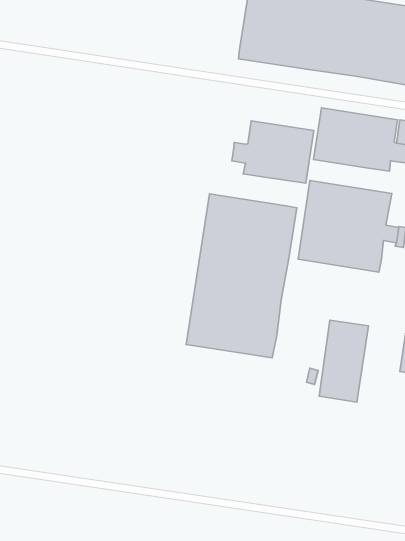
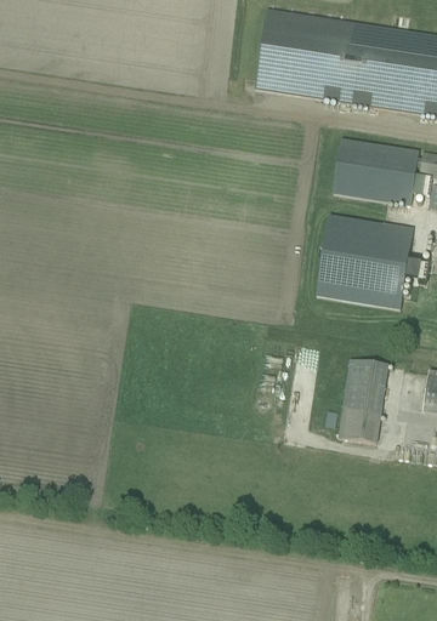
building: [232,121,314,183] -> none
building: [186,194,297,358] -> none

